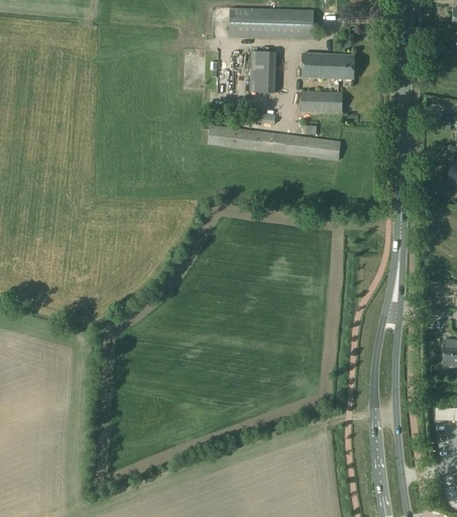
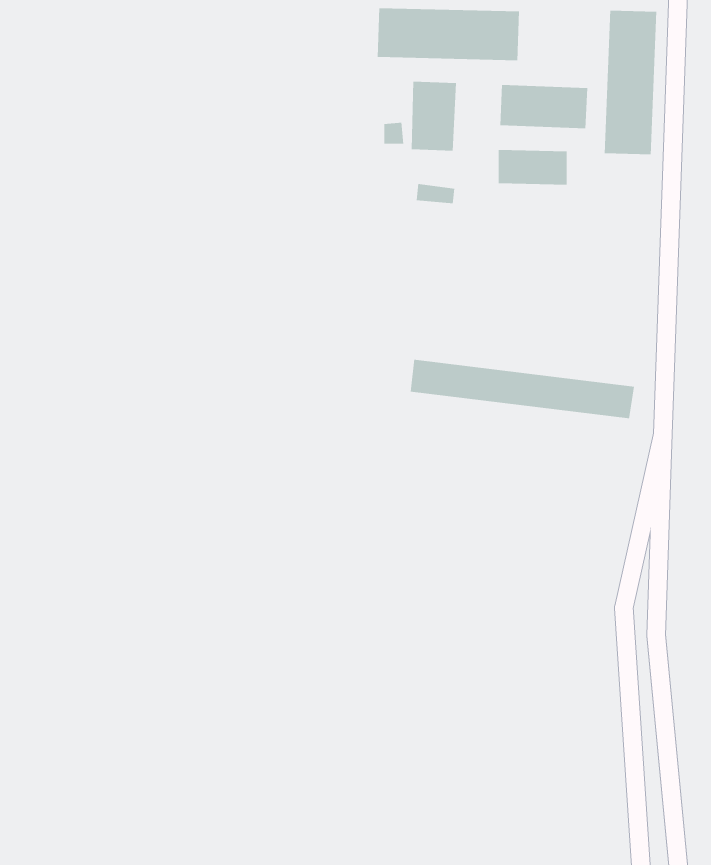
building: none -> [604,10,657,155]
building: [208,124,341,160] -> [410,359,635,419]

